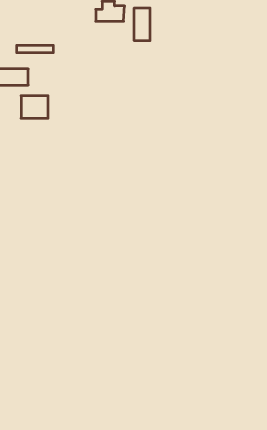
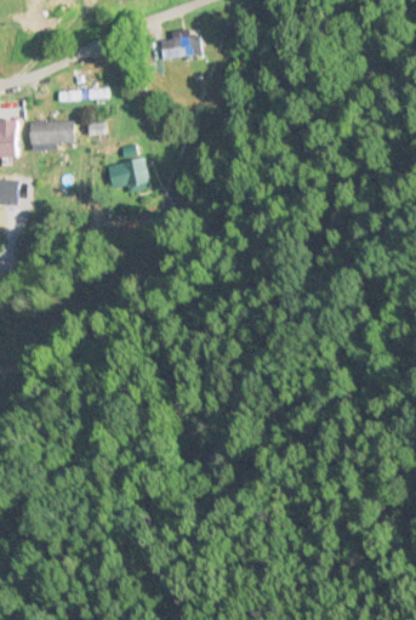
building: [134,8,150,41] -> none
building: [21,96,48,118] -> [108,161,144,192]

